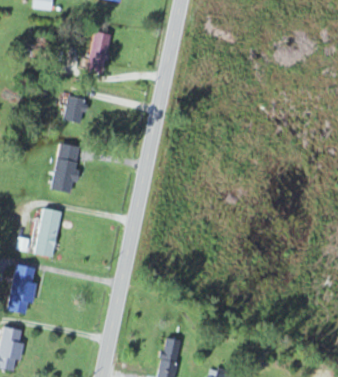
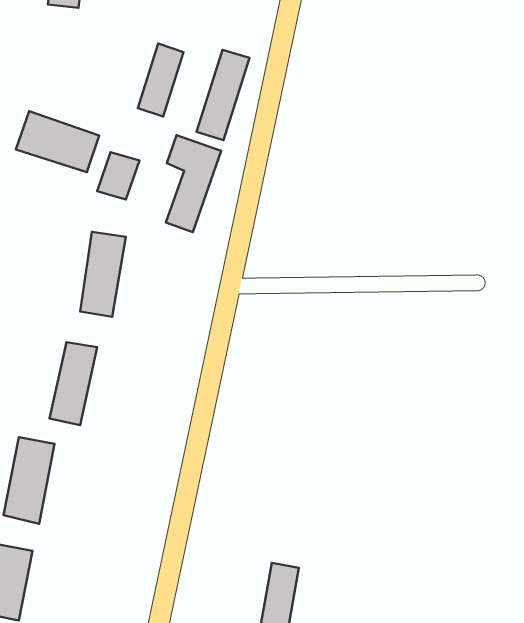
building: none -> [197,50,250,140]
building: none -> [16,111,99,172]
building: none -> [166,135,221,232]

